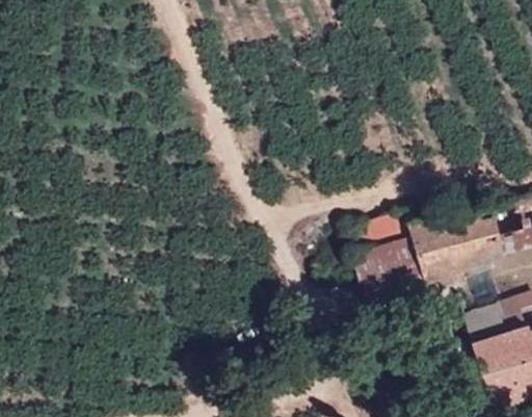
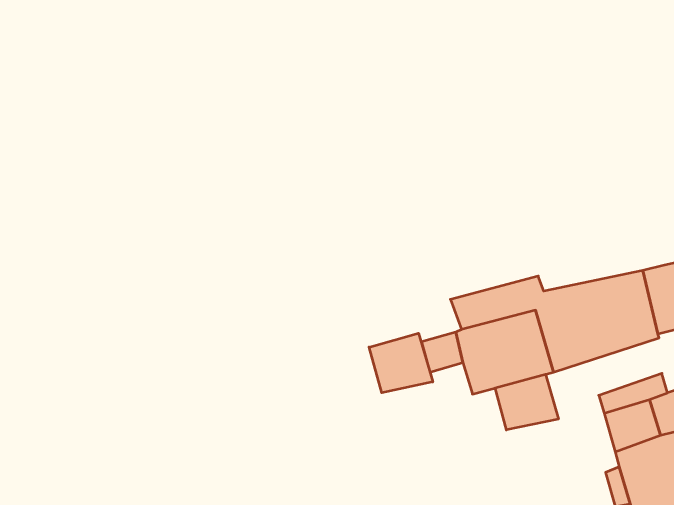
building: none -> [369,333,433,393]
building: none -> [495,374,558,430]

